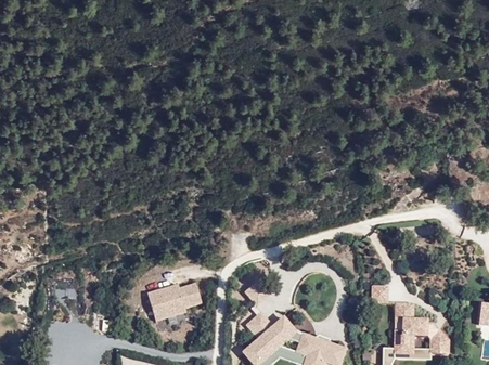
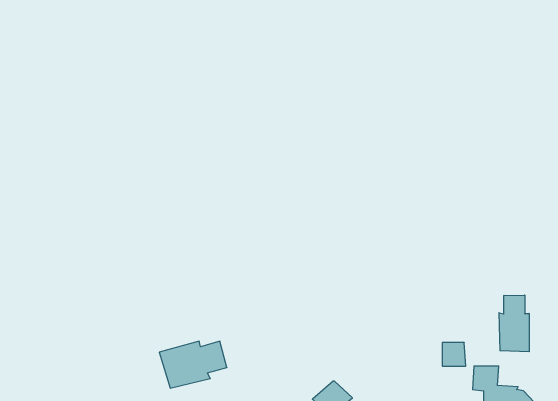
building: none -> [499,295,529,352]

